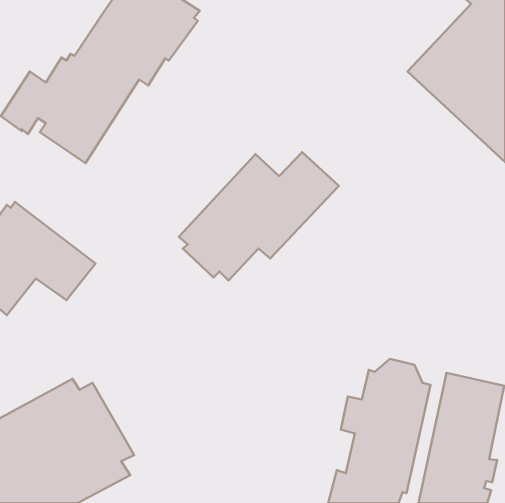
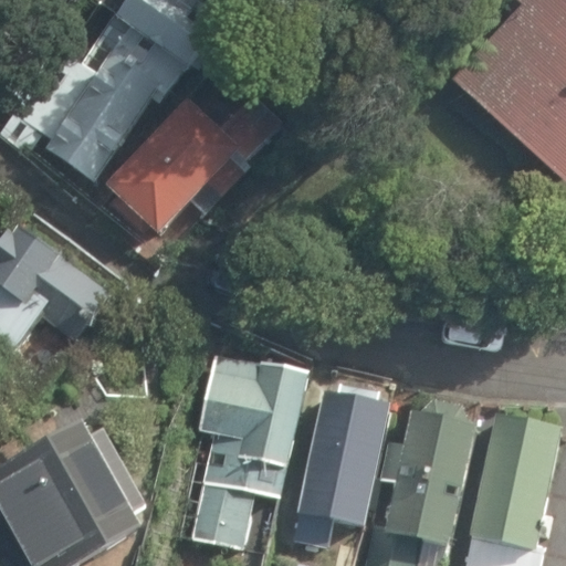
building: [179,152,339,280] -> [105,94,283,237]
building: none -> [192,355,311,547]
building: none -> [292,382,391,545]

